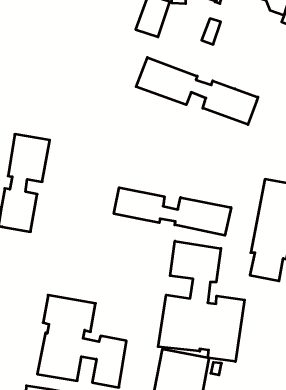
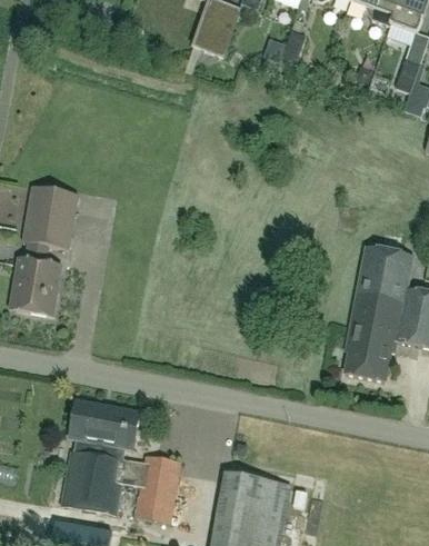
building: [136,57,258,125] -> none
building: [114,188,231,235] -> none
building: [158,241,245,362] -> none

